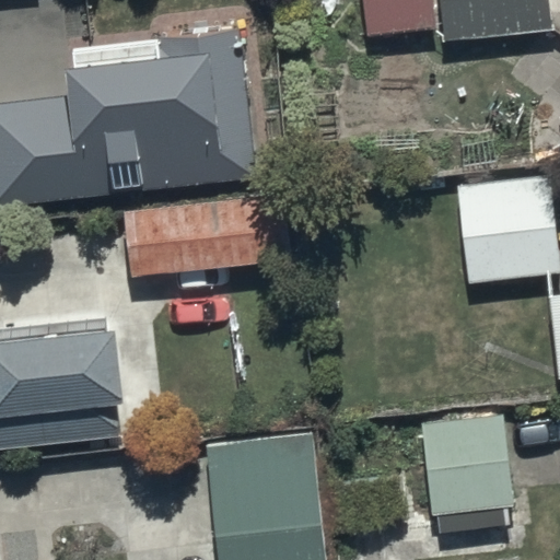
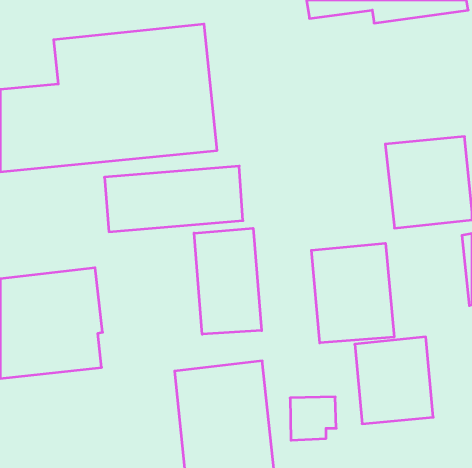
building: none -> [194,228,262,334]
building: none -> [311,243,394,343]

